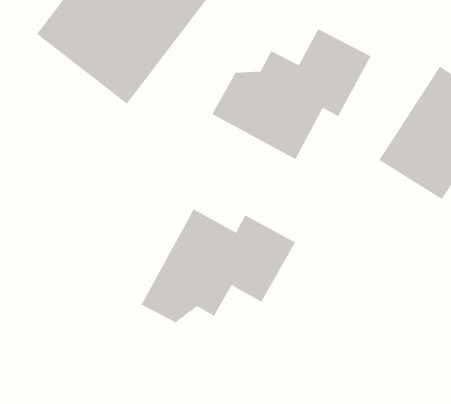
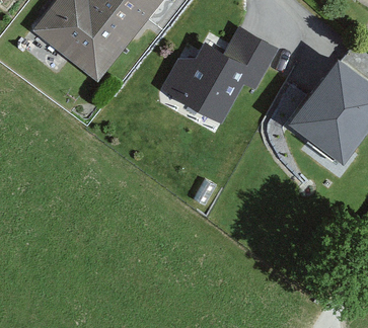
building: [141,208,296,323] -> none

